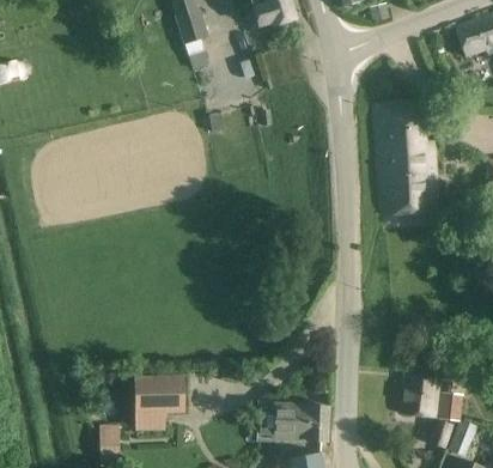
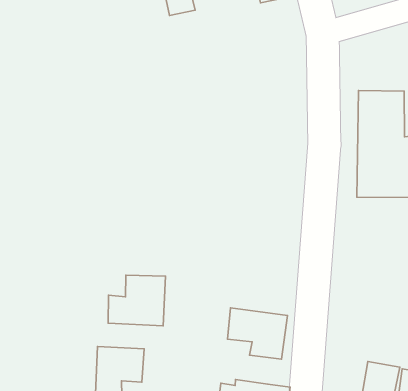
building: none -> [108,275,165,326]
building: none -> [227,308,287,359]

